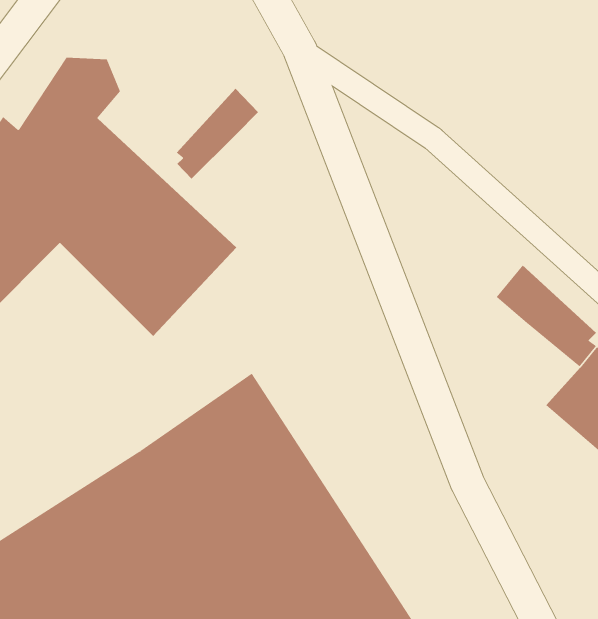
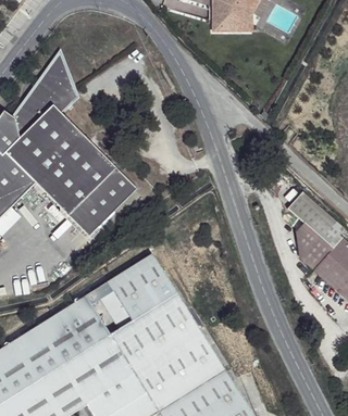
building: [176,88,259,179] -> none
building: none -> [296,225,335,273]

